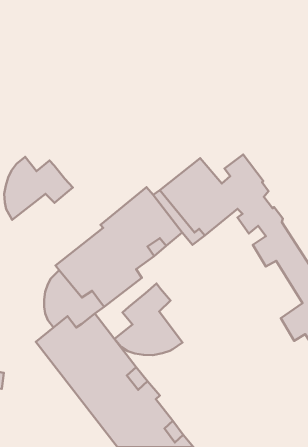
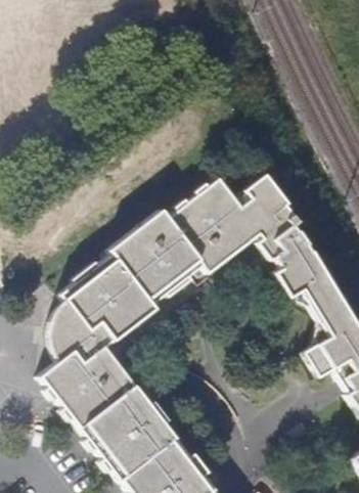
building: [4,157,73,220] -> none
building: [114,284,183,355] -> none

